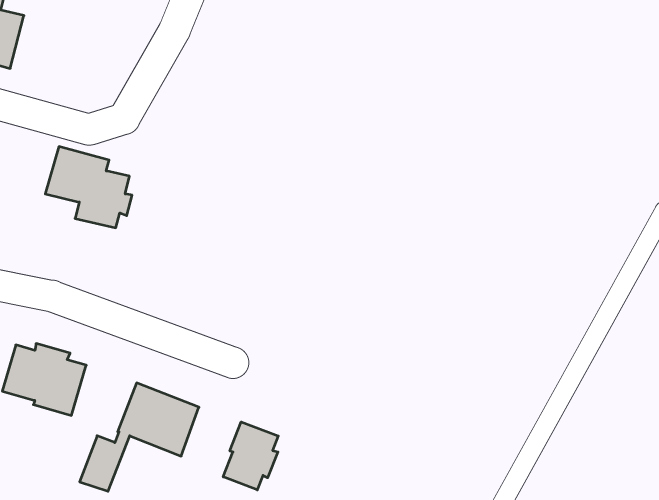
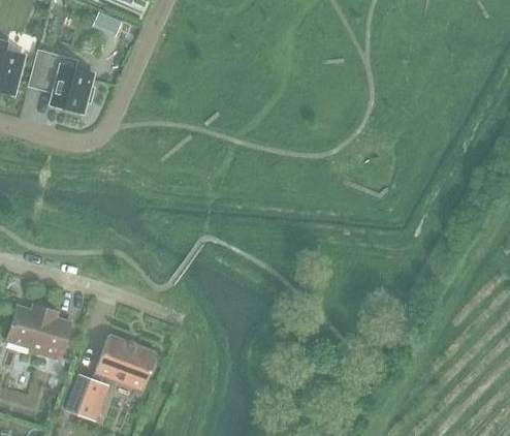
building: [45,147,132,228] -> [29,51,95,113]
building: [223,422,278,490] -> none

